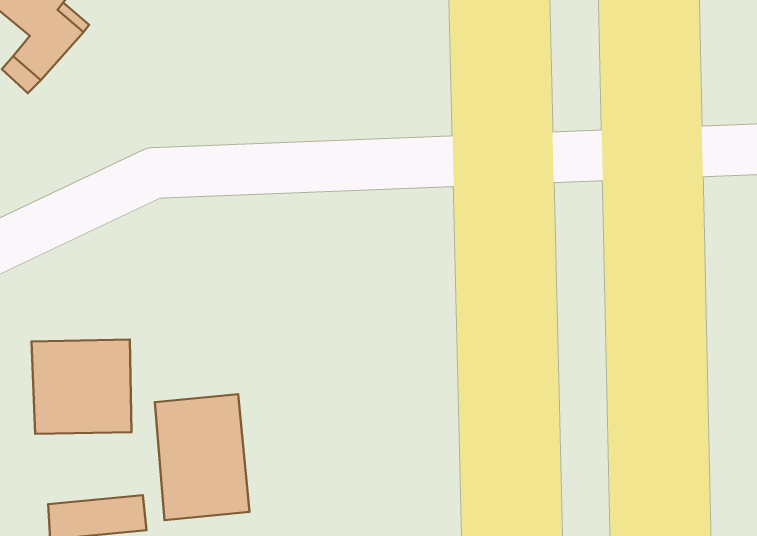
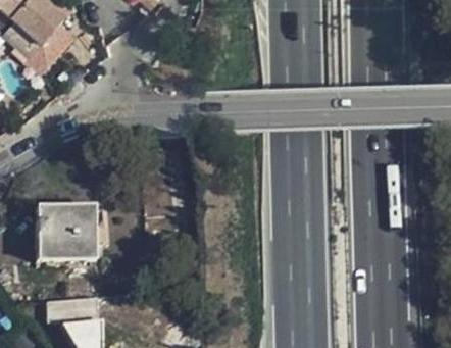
building: [155,394,249,520] -> none

